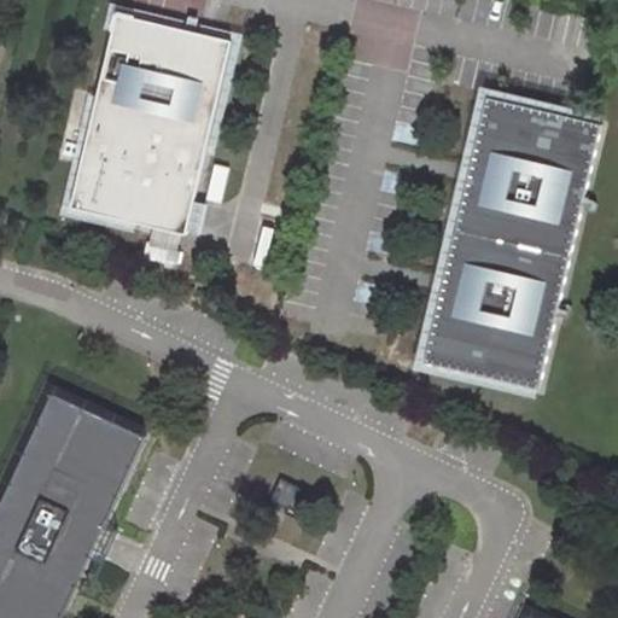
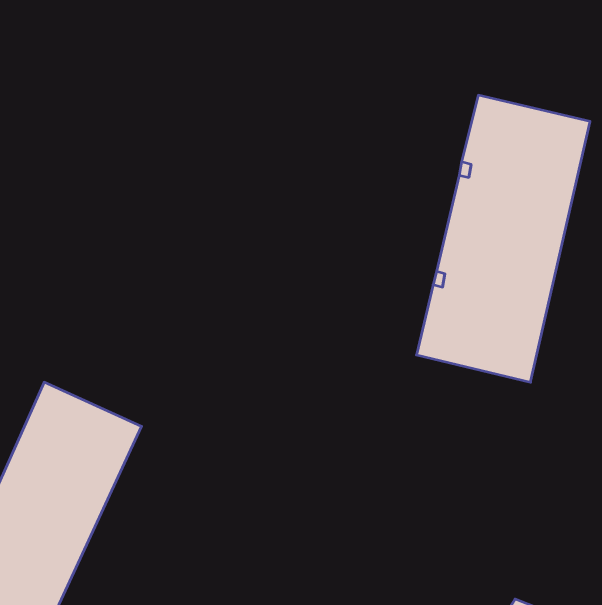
building: [65,13,226,232] -> none

